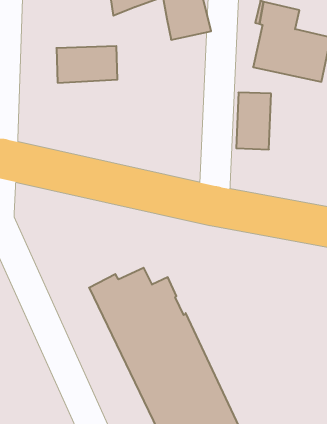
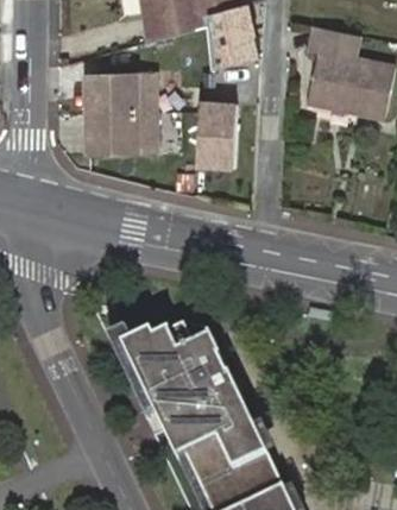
building: none -> [87,113,157,155]
building: [236,93,271,149] -> [198,103,238,168]

